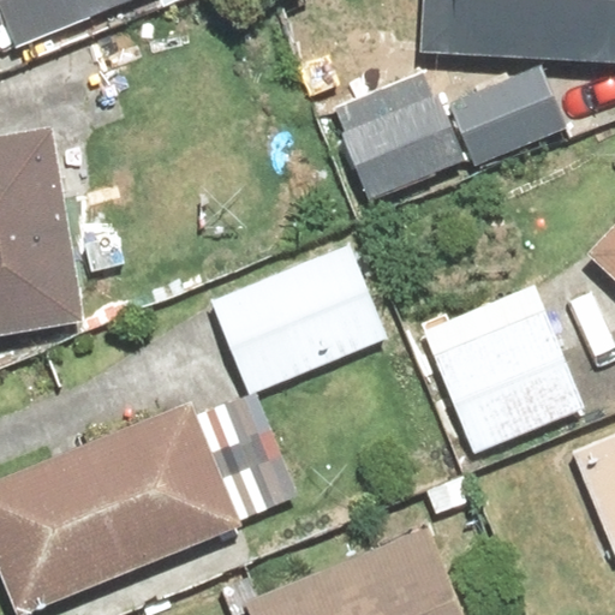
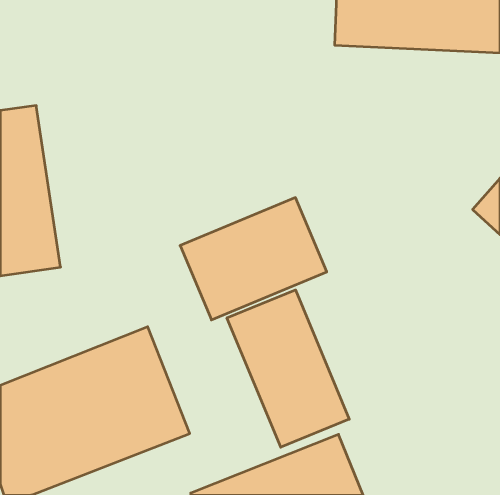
building: [332,61,583,202] -> none
building: [435,286,585,447] -> none
building: none -> [227,290,349,447]

